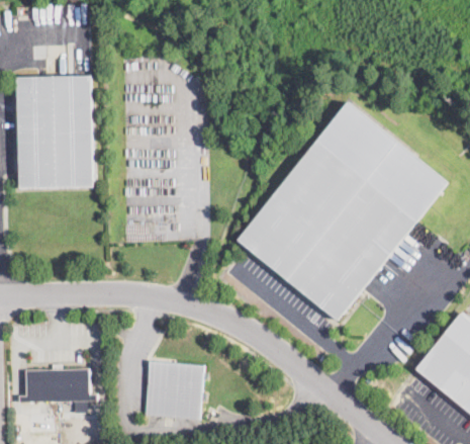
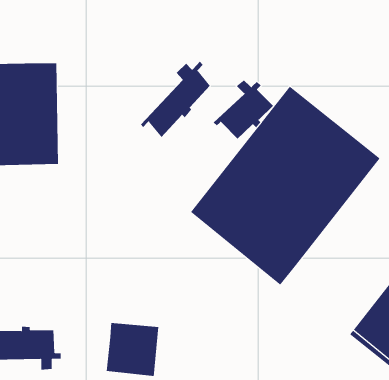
building: none -> [140,61,210,138]
building: none -> [213,80,274,140]

